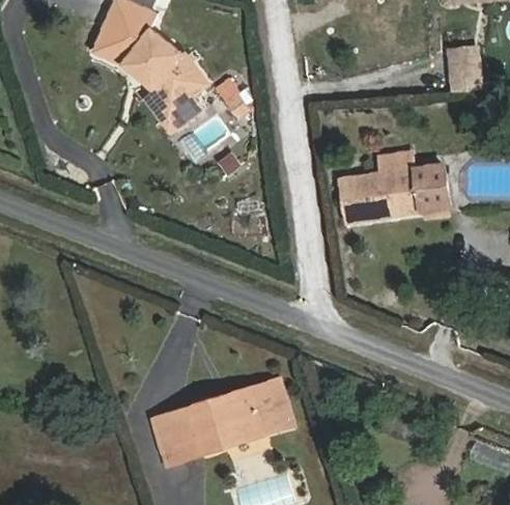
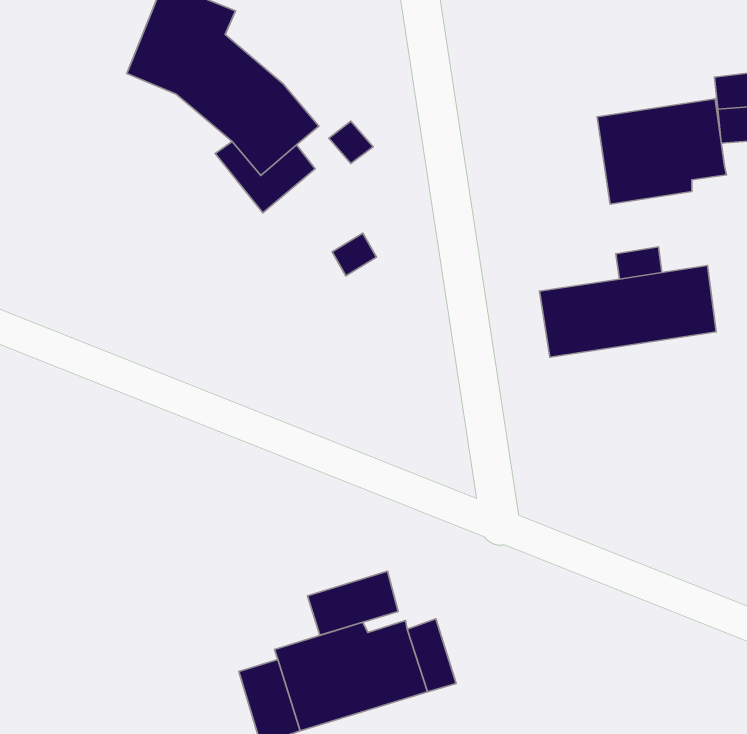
building: none -> [597,99,727,204]
building: none -> [308,571,398,635]

